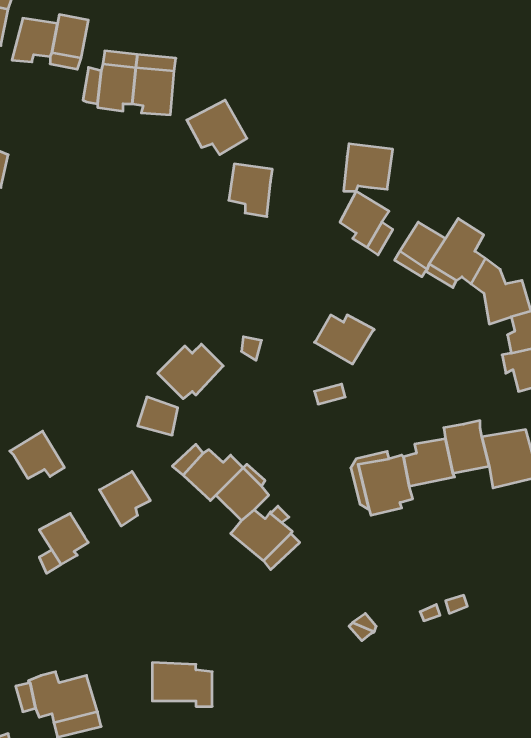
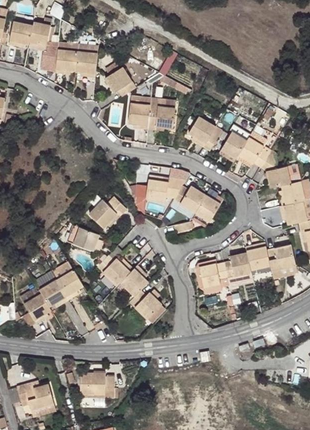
building: [344,144,393,191] -> [148,103,175,129]
building: none -> [148,175,185,201]
building: none -> [195,192,223,220]
building: [10,431,64,478] -> [38,279,68,305]

